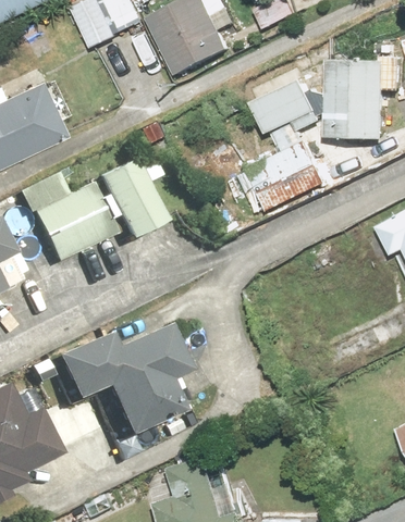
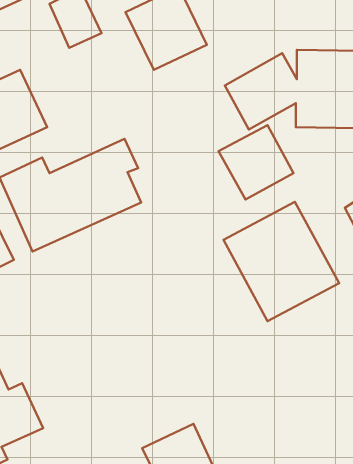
building: none -> [223,202,339,321]
building: [54,321,192,436] -> none

